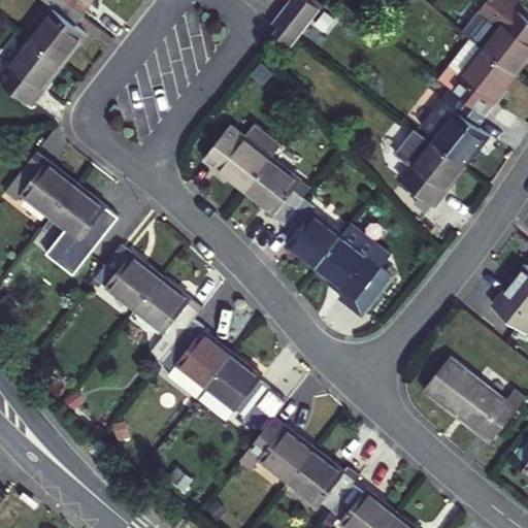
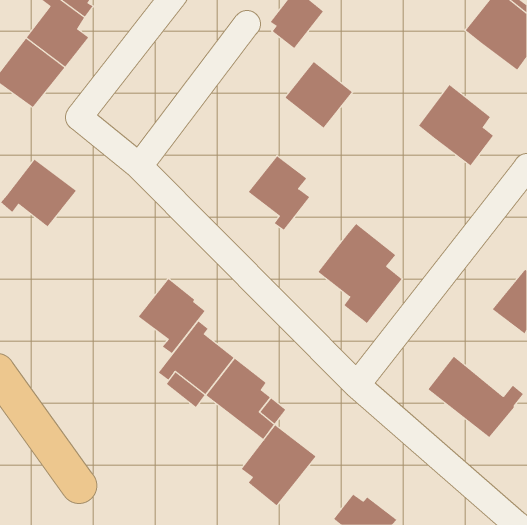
building: [444,33,515,117] -> none
building: [207,124,275,191] -> [284,61,353,129]
building: [398,137,468,207] -> none
building: [39,190,117,268] -> none
building: [283,196,344,270] -> none
building: [100,244,167,315] -> none
building: [286,454,359,516] -> none

